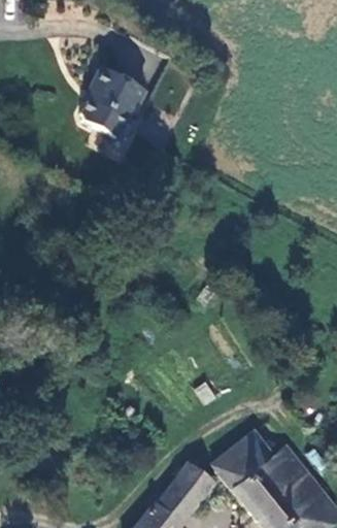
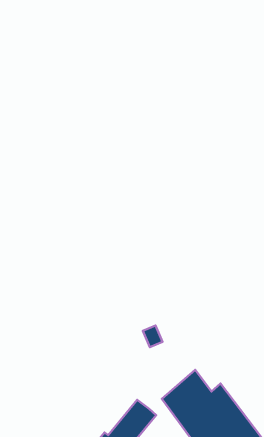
building: [74,71,140,145] -> none

